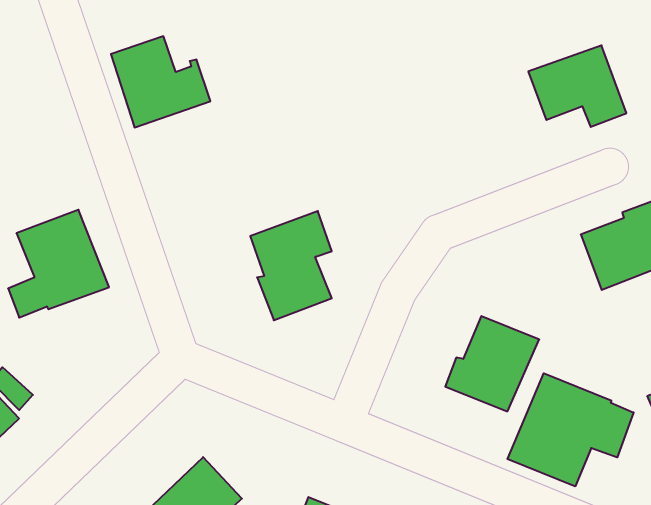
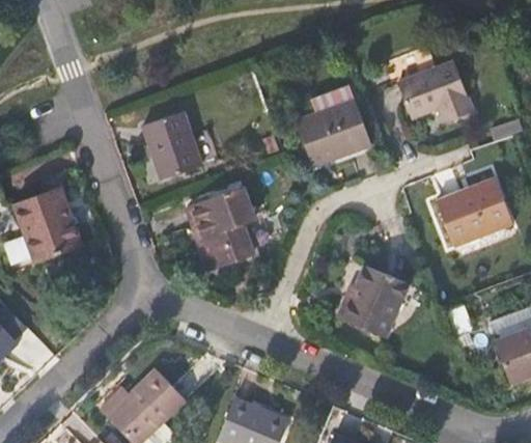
building: [111,36,210,127] -> [140,110,215,178]
building: none -> [296,99,368,165]
building: [507,373,634,486] -> none

